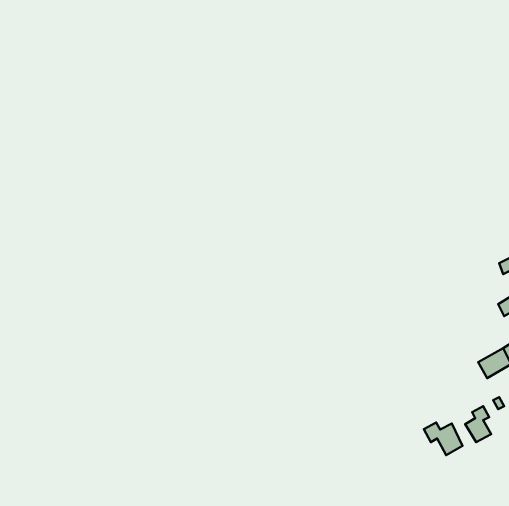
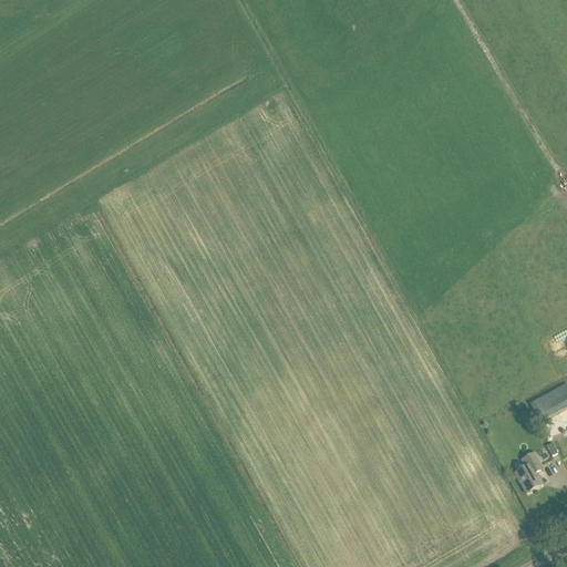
building: [424,423,463,455] -> none

